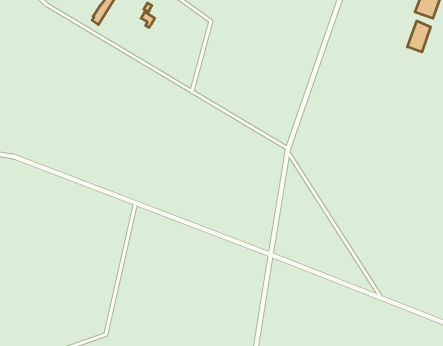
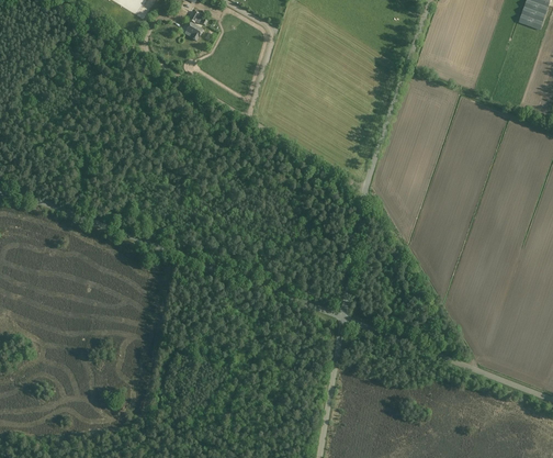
building: [407,21,431,52] -> none

